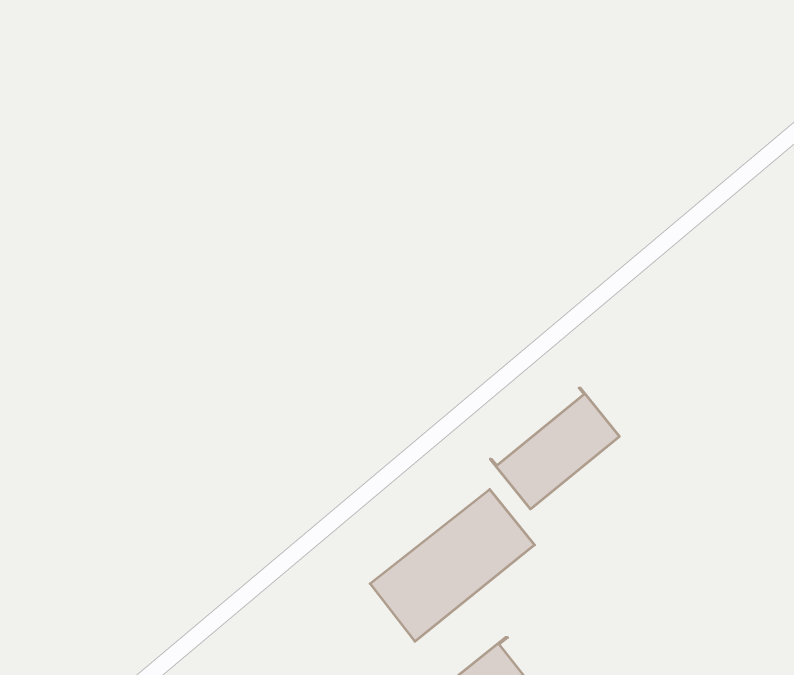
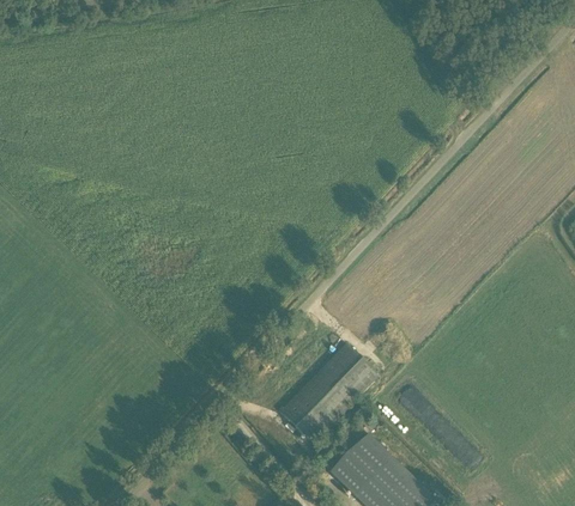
building: [490,388,619,509] -> none

